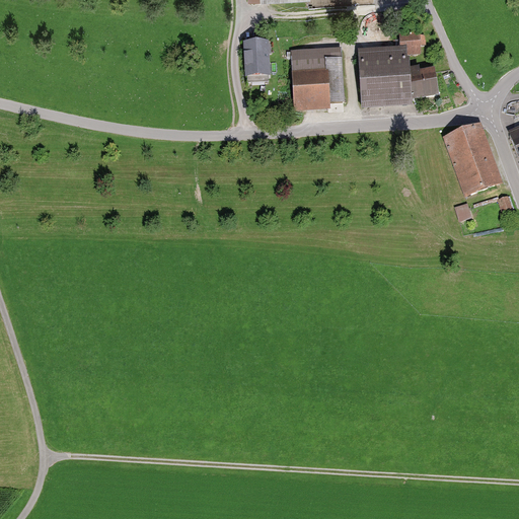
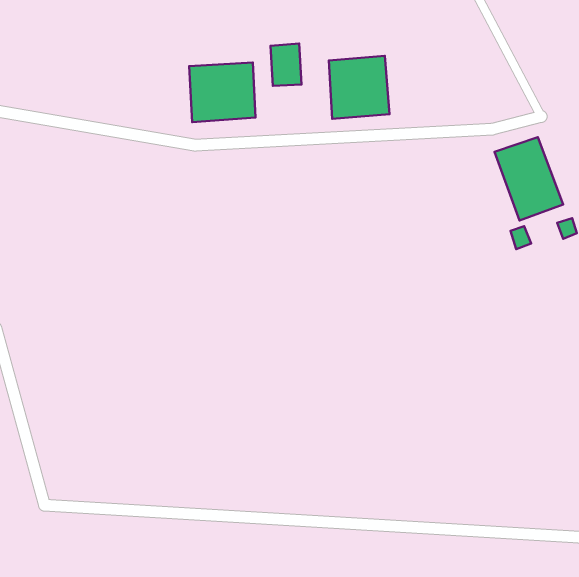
building: [359,30,442,100] -> none
building: none -> [189,63,256,122]

